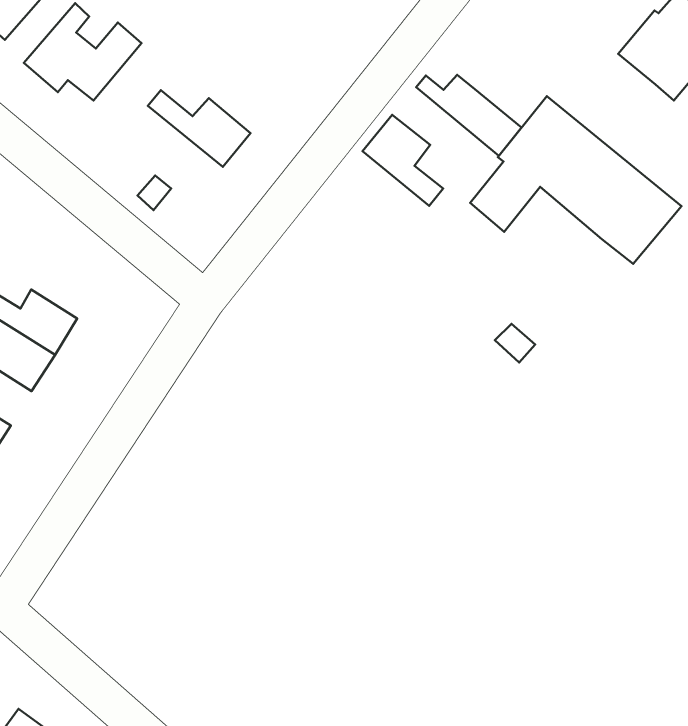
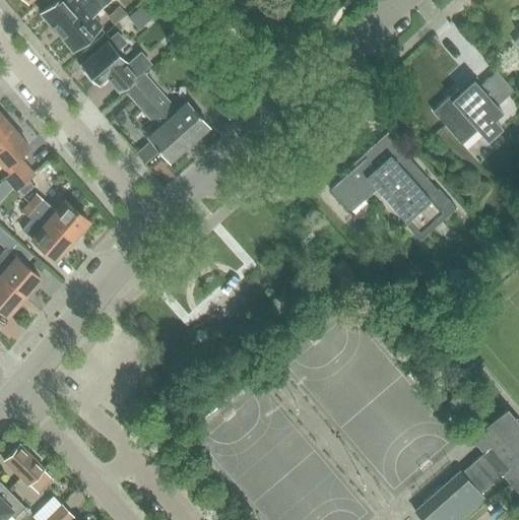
building: none -> [125,75,190,162]
building: [416,75,521,156] -> none
building: [363,115,443,206] -> none

